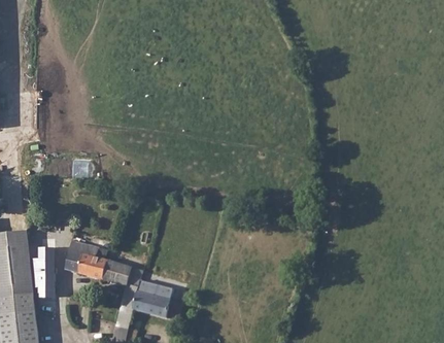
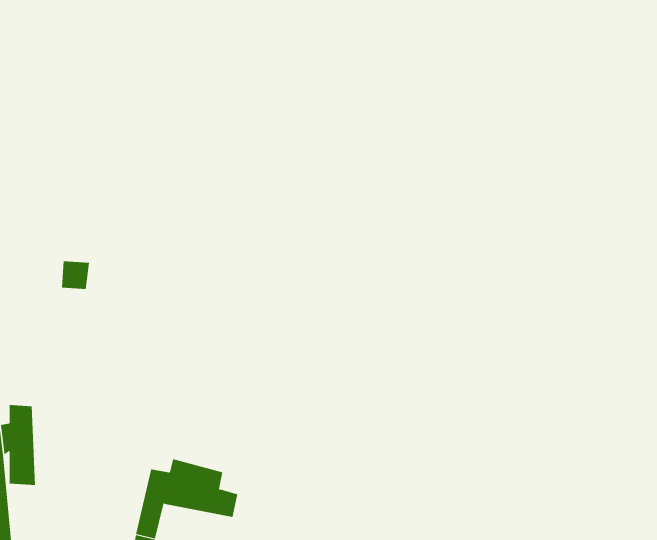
building: [62,244,139,288] -> none

